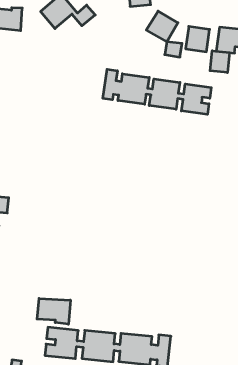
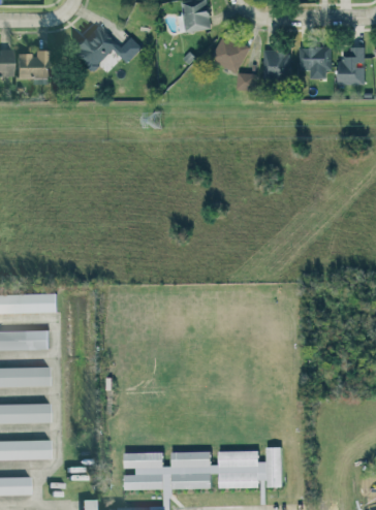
building: [210,51,229,73] -> none
building: [103,69,211,114] -> none
building: [37,298,70,324] -> none

